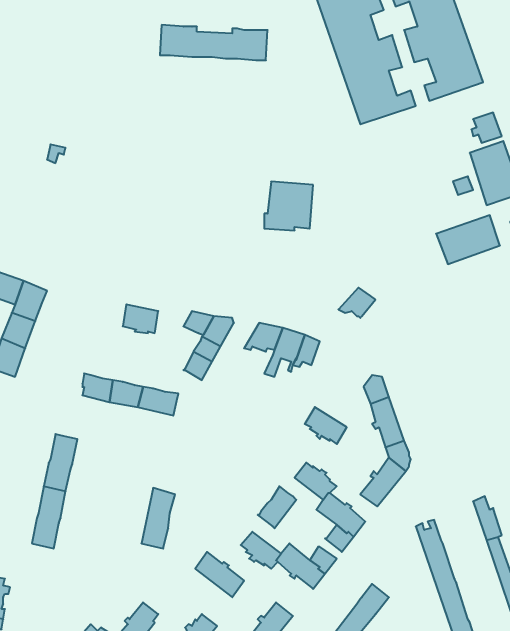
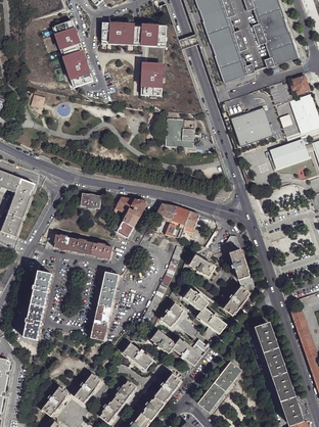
building: none -> [54,20,93,87]
building: none -> [143,62,162,96]
building: none -> [228,107,271,146]
building: none -> [97,271,119,307]

